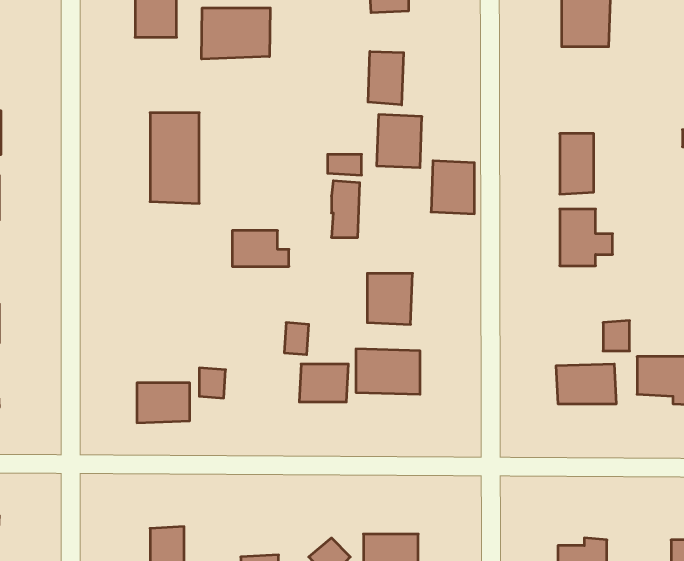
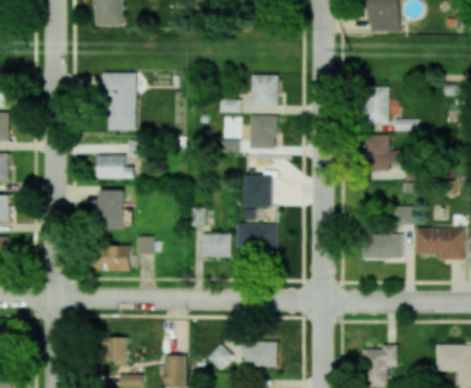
building: [202,8,270,59] -> none
building: [368,51,404,105] -> none
building: [431,161,474,214] -> [248,116,276,149]
building: [232,231,289,266] -> [98,155,134,178]
building: none -> [99,190,124,229]

